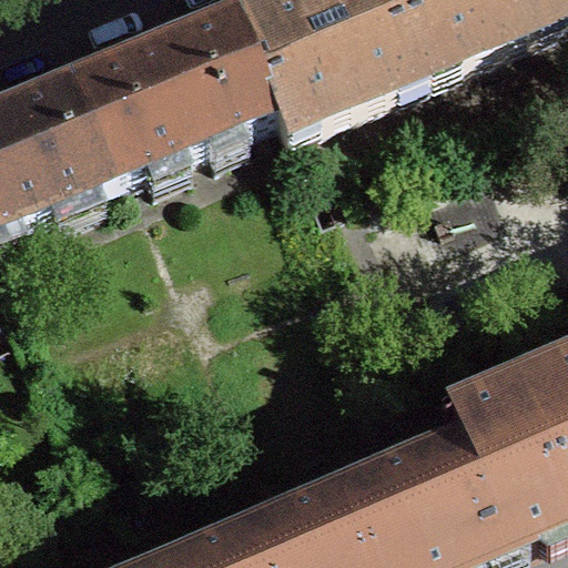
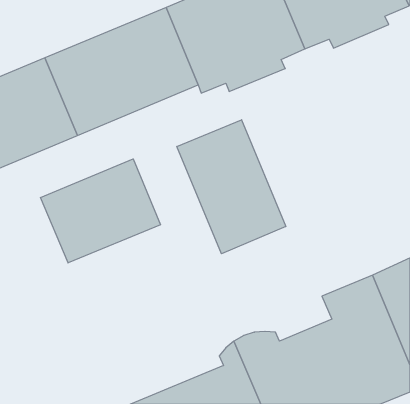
building: none -> [177,120,286,254]
building: none -> [41,159,160,263]

